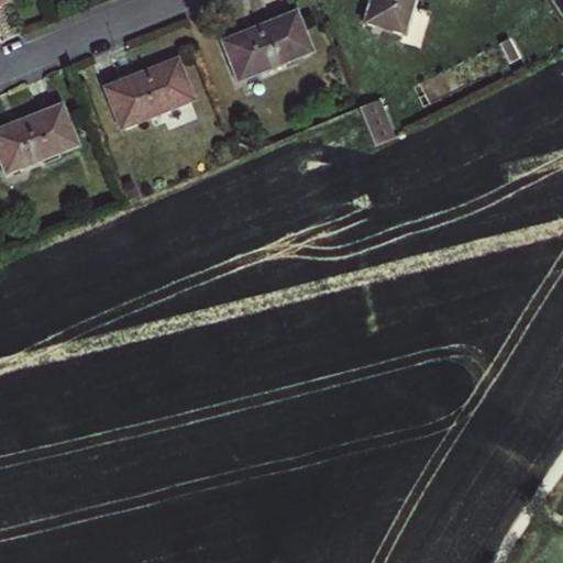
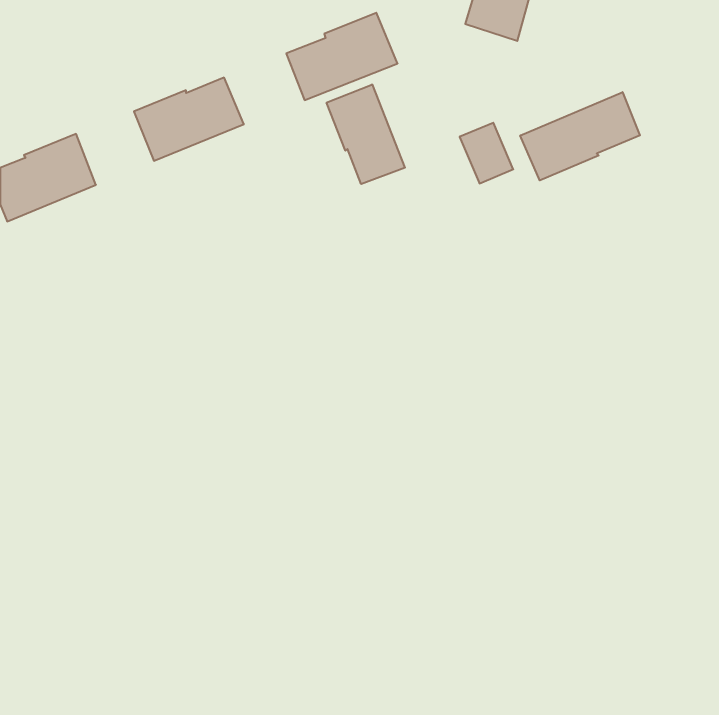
building: none -> [327,84,405,184]
building: none -> [520,92,640,180]

